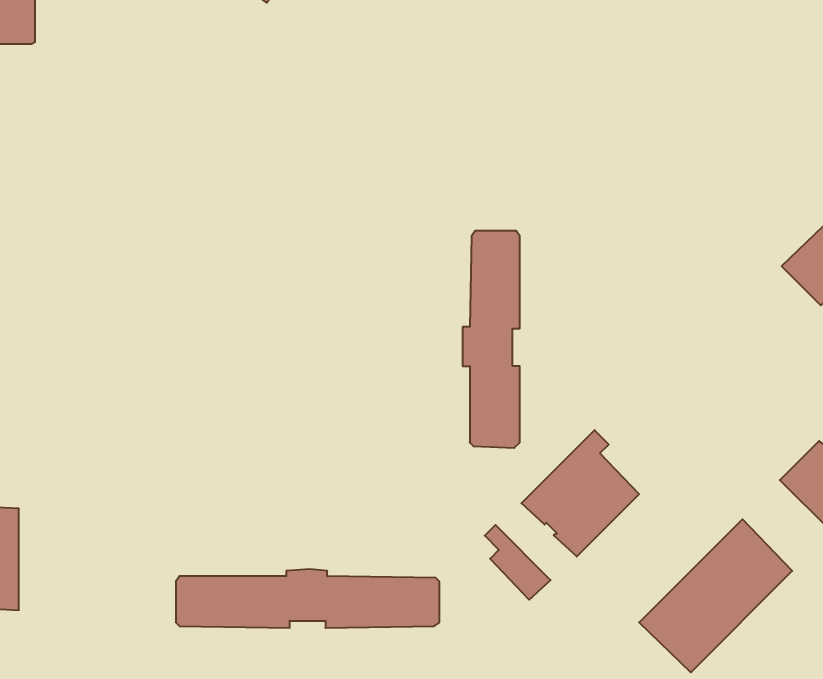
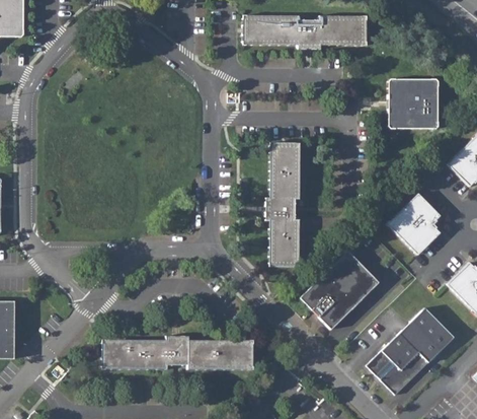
building: none -> [243,16,367,49]
building: none -> [388,79,438,129]
building: none -> [385,194,441,255]
building: [485,525,551,600] -> [341,251,379,293]

